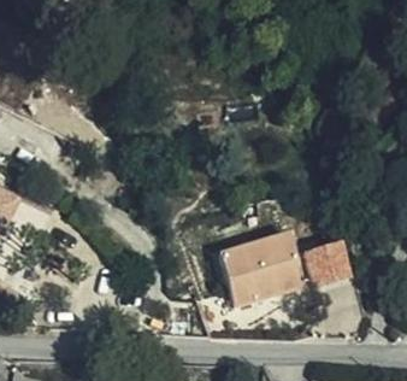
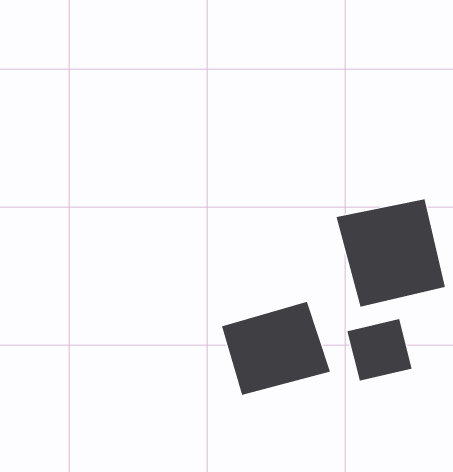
building: none -> [336,199,446,307]

